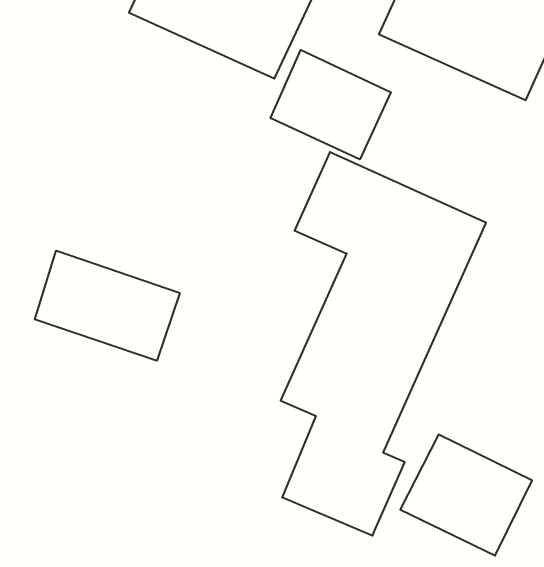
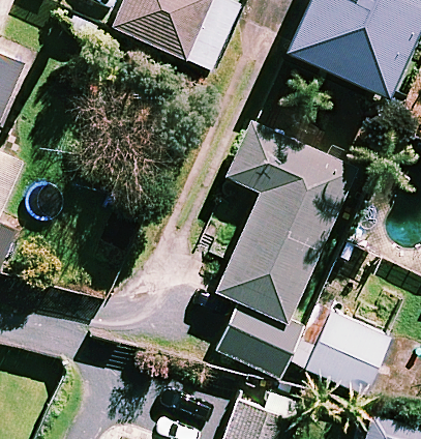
building: [271,50,391,159] -> none
building: [35,251,180,361] -> none

